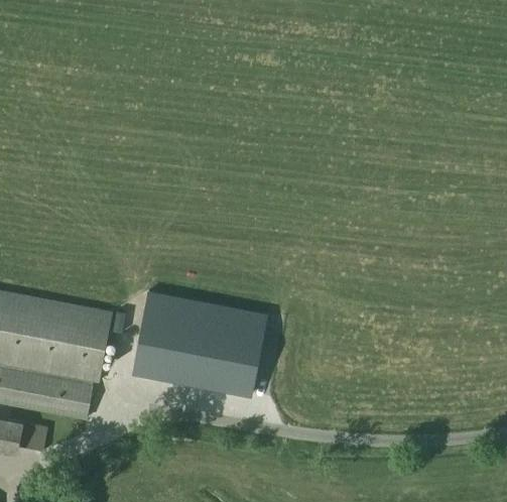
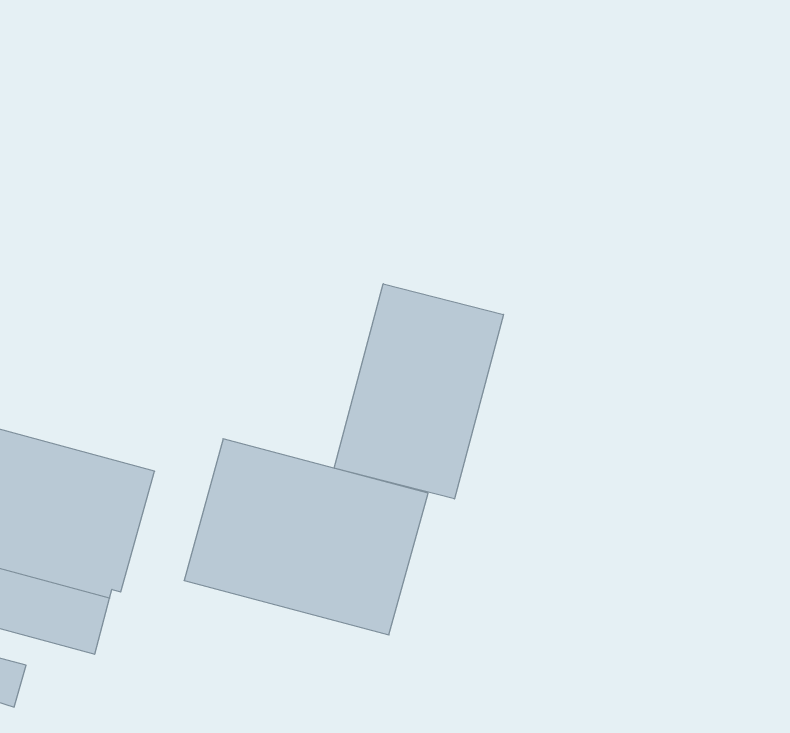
building: none -> [334,284,503,499]

